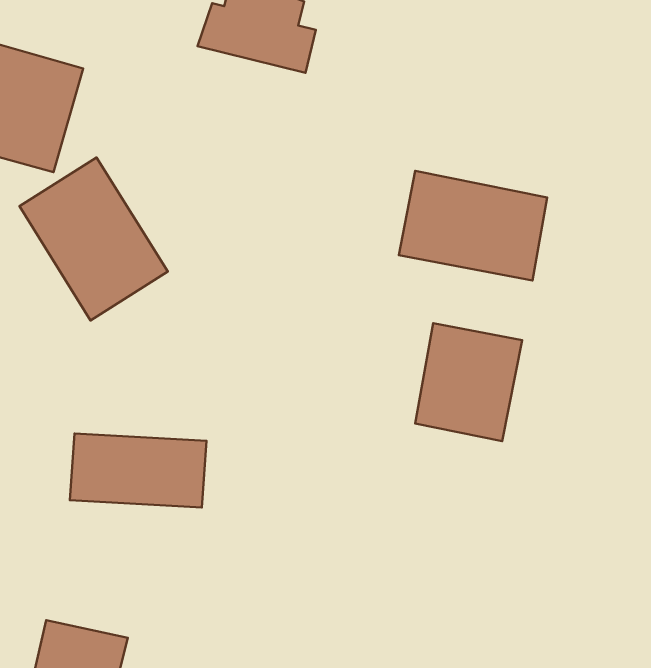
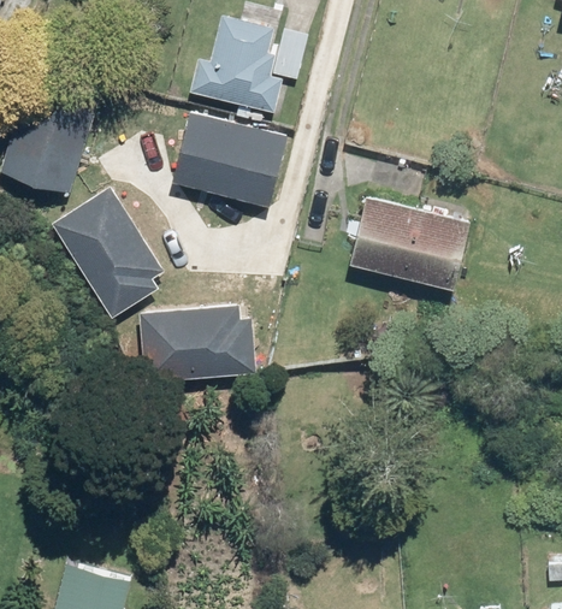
building: none -> [177,116,289,206]
building: [415,323,522,441] -> none
building: [70,433,206,508] -> [144,309,255,369]

